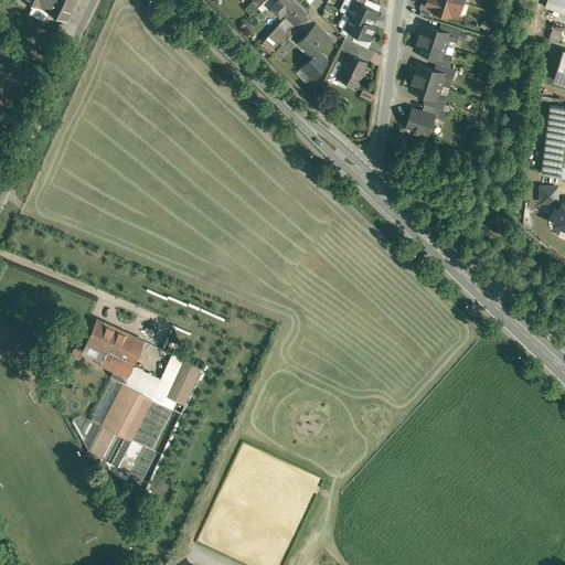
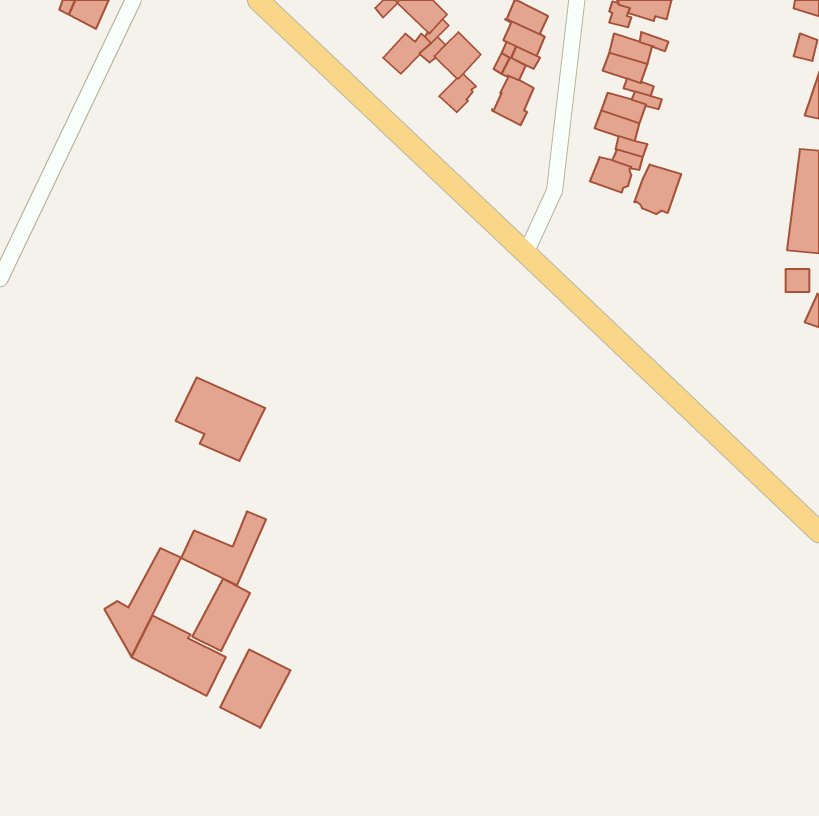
building: none -> [634,164,681,214]
building: [83,321,145,379] -> [176,378,265,461]
building: [167,360,202,406] -> none
building: [105,386,153,440] -> [220,650,291,728]

